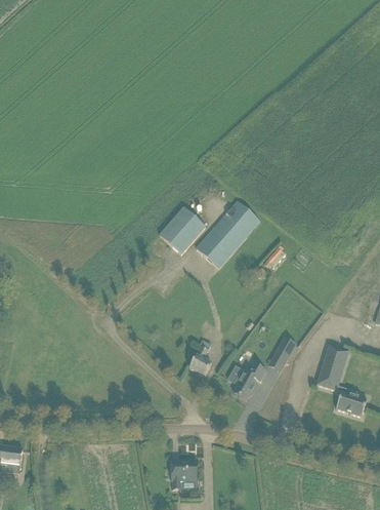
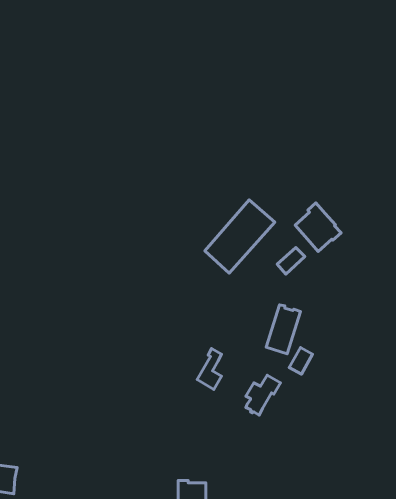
building: none -> [295,203,341,251]
building: [159,207,206,253] -> none
building: [316,345,348,390] -> [266,305,300,354]
building: [336,389,367,416] -> none

